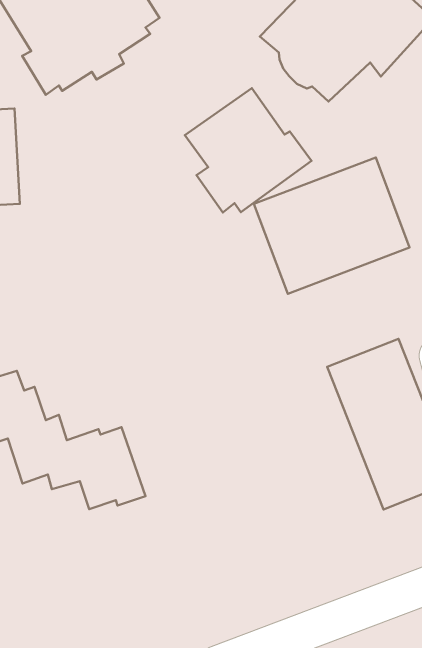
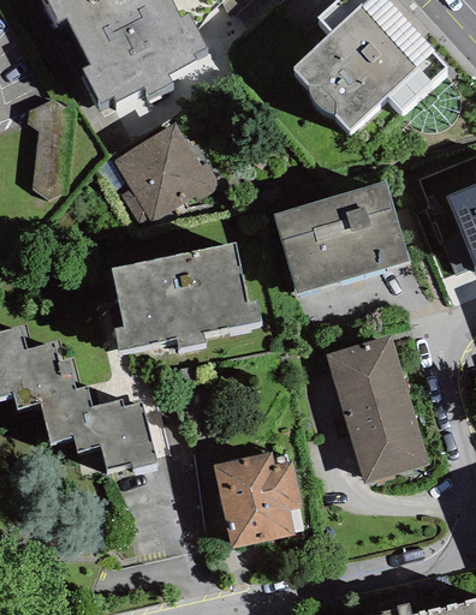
building: [185,88,311,212] -> [112,126,221,234]
building: none -> [109,239,260,345]
building: none -> [212,456,303,554]

